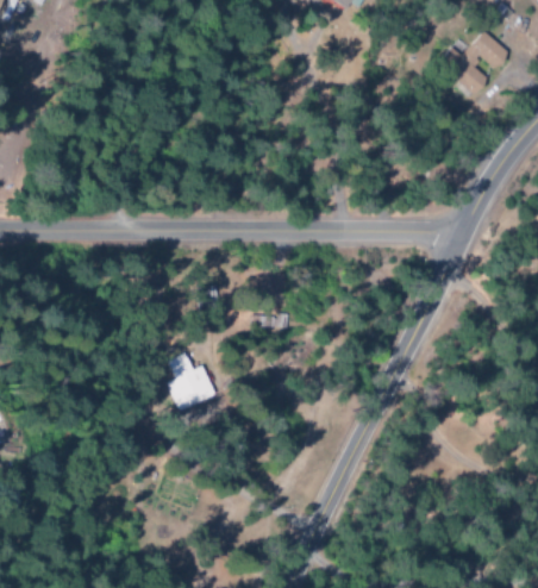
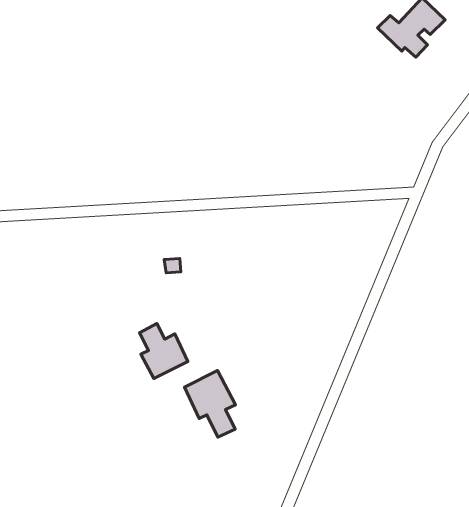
building: none -> [184,371,235,437]

